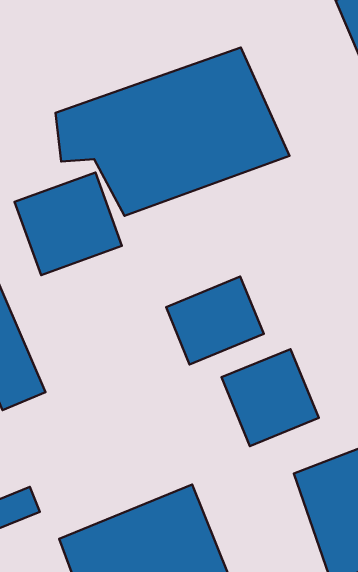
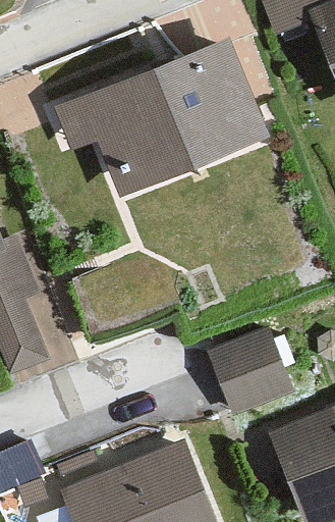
building: [15,172,122,275] -> none
building: [166,277,264,364] -> none

